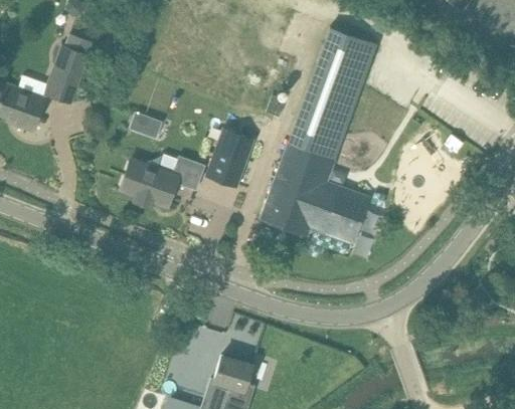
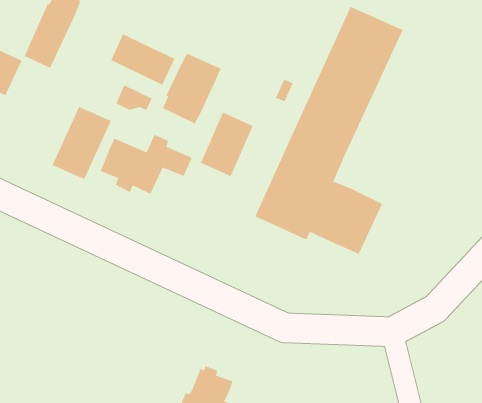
building: none -> [110,34,175,85]
building: none -> [162,53,221,124]
building: none -> [52,106,111,180]

